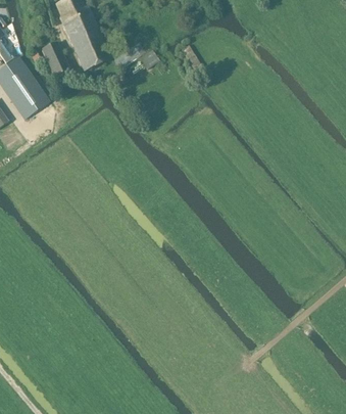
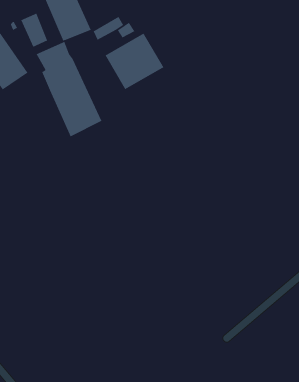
building: none -> [104,32,164,90]
building: none -> [36,41,102,138]

